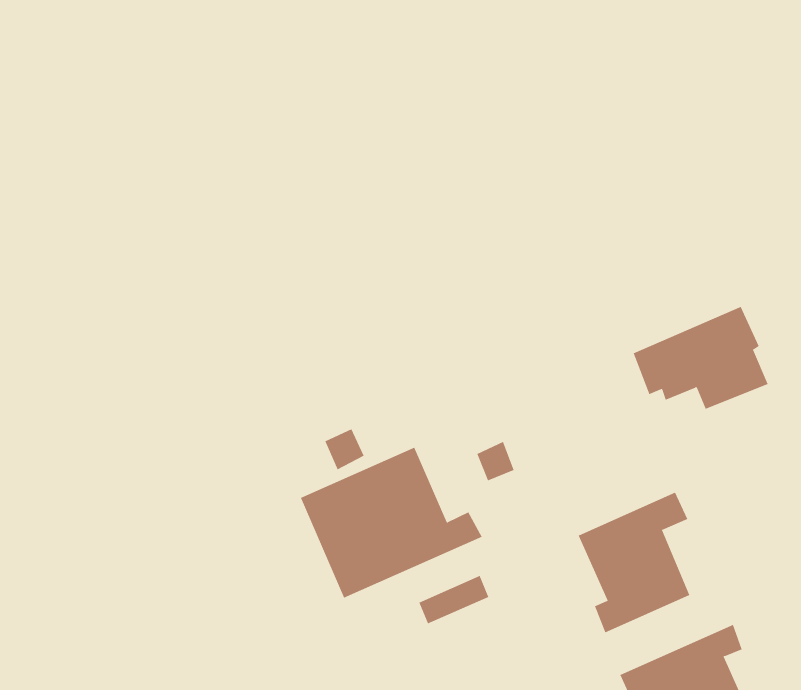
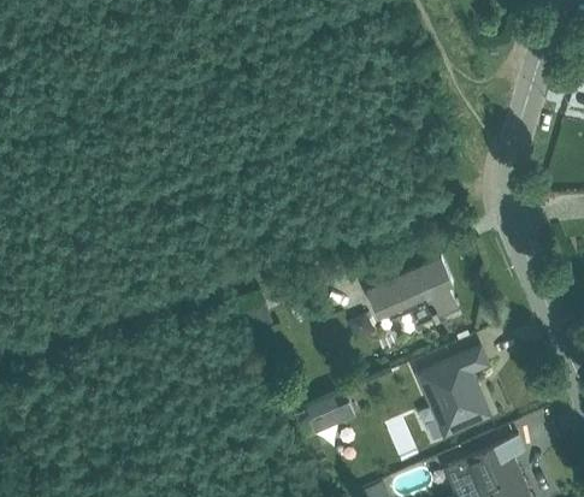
building: [633,306,768,409] -> [368,255,459,324]
building: [300,447,483,599] -> none

